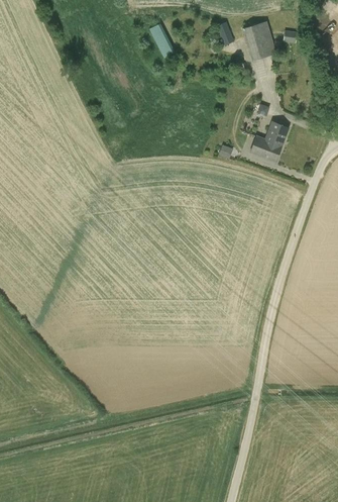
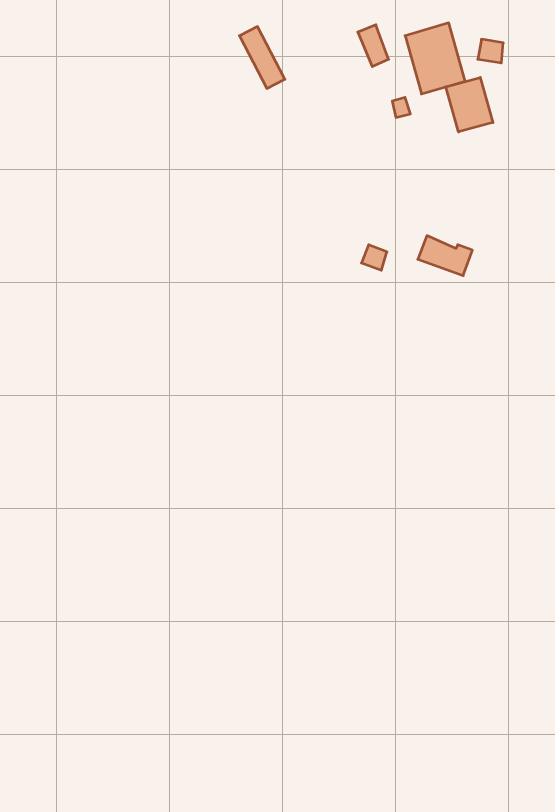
building: none -> [446,77,493,132]
building: [254,121,288,147] -> none

